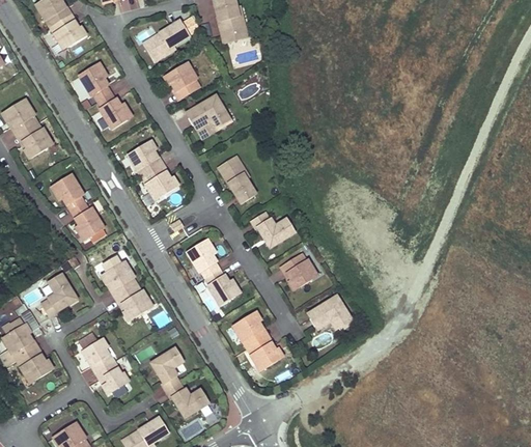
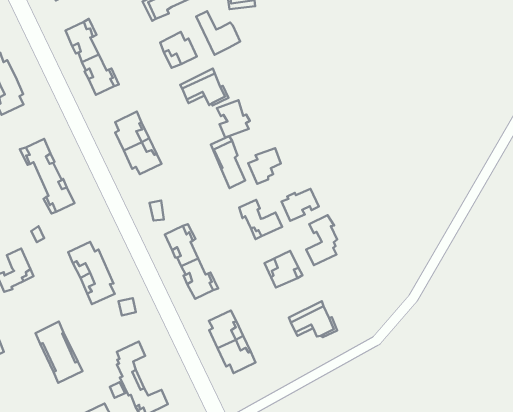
building: none -> [196,11,240,55]
building: none -> [217,100,250,138]
building: none -> [248,148,281,184]
building: none -> [281,189,319,221]
building: none -> [306,215,337,265]

